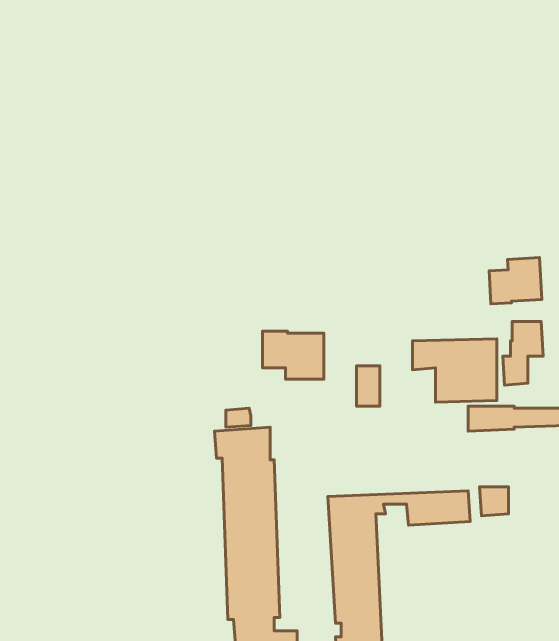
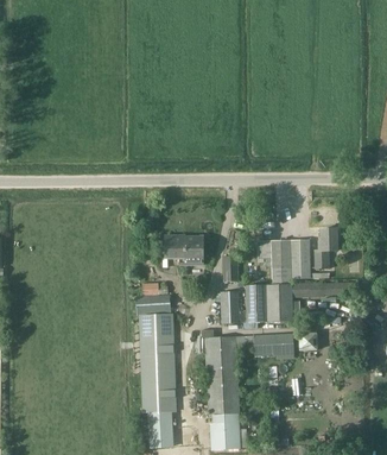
building: [489,258,542,304] -> none
building: none -> [243,284,292,322]
building: none -> [221,291,239,323]

